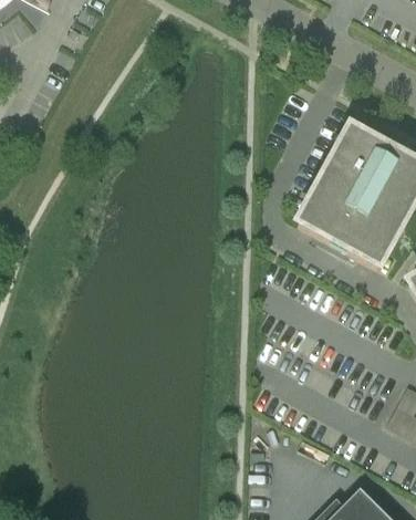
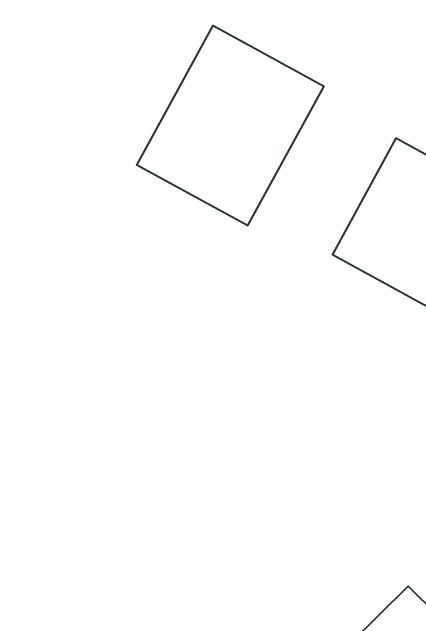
building: none -> [137,26,324,226]

